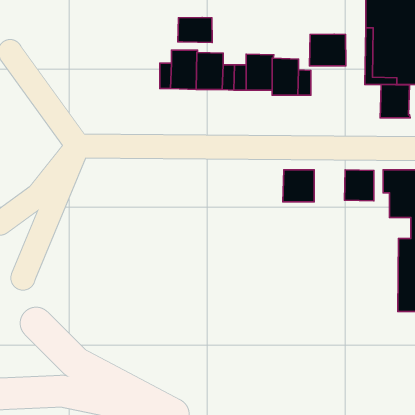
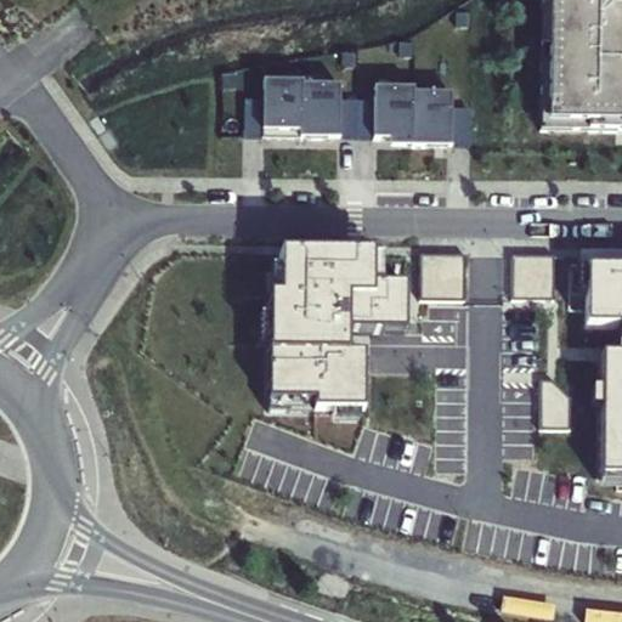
building: [178,18,212,43] -> none
building: [310,34,346,66] -> none
building: [380,84,410,118] -> none
building: none -> [272,248,412,407]

